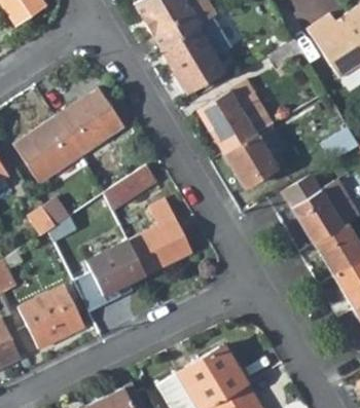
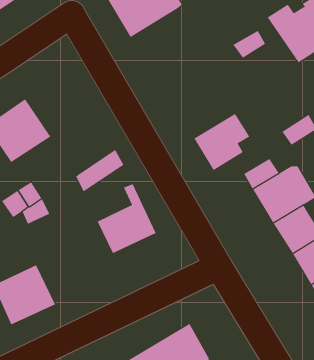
building: [163,16,231,92] -> none
building: [205,80,280,153] -> none
building: [52,83,122,151] -> none
building: [85,240,144,295] -> none

